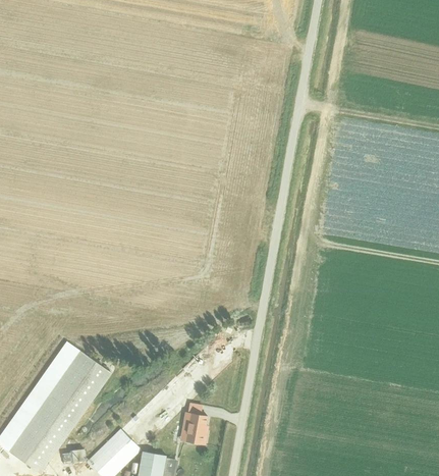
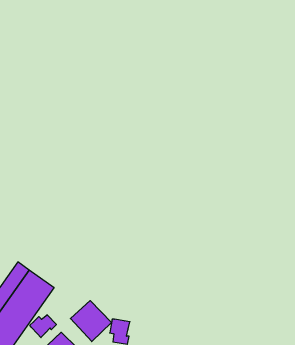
building: none -> [70,301,112,342]
building: none -> [30,315,56,338]

